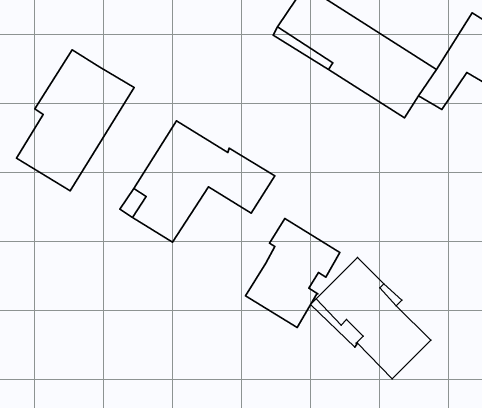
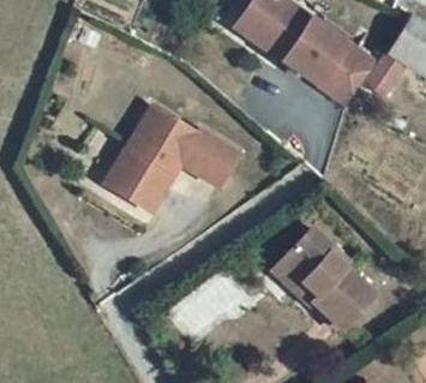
building: [17,50,134,191] -> none
building: [246,218,340,328] -> none

